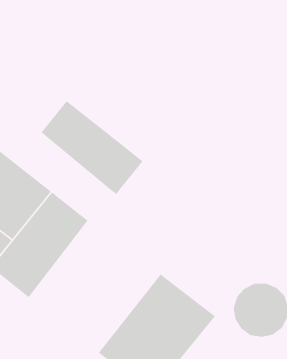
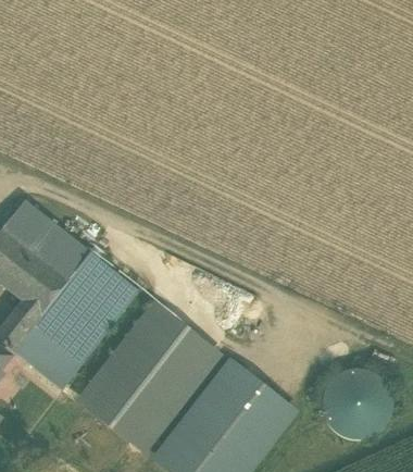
building: [41,100,143,195] -> none
building: none -> [76,301,223,455]

